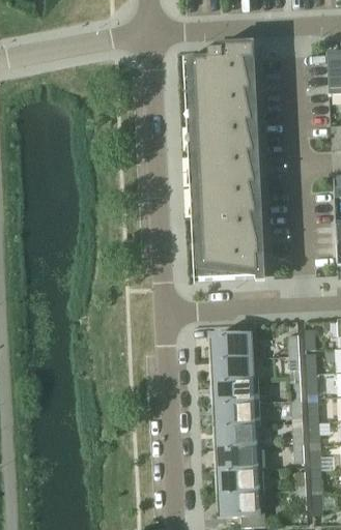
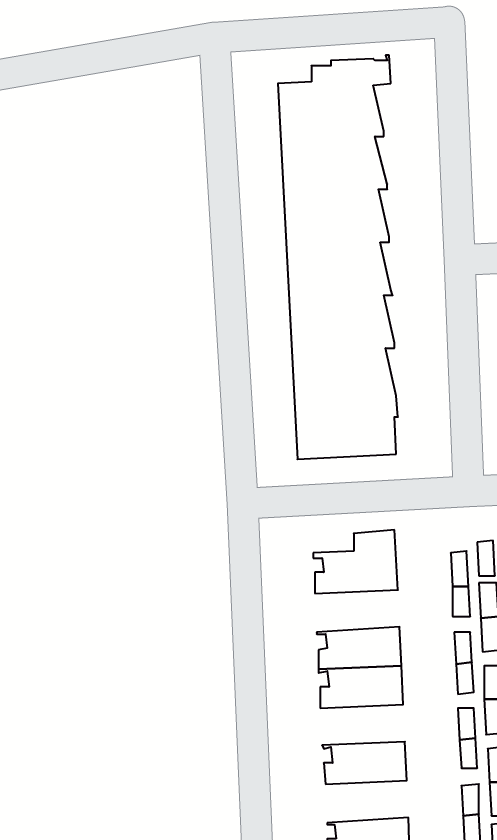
building: [209,356,259,381] -> none
building: [212,423,262,447] -> none
building: [216,468,264,493] -> none

